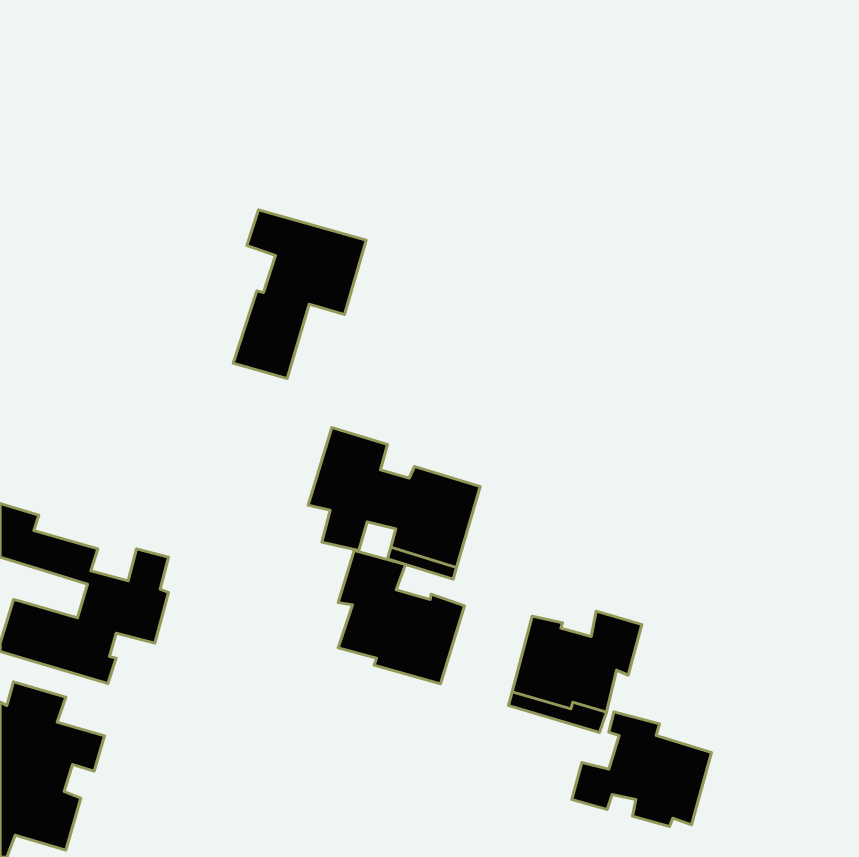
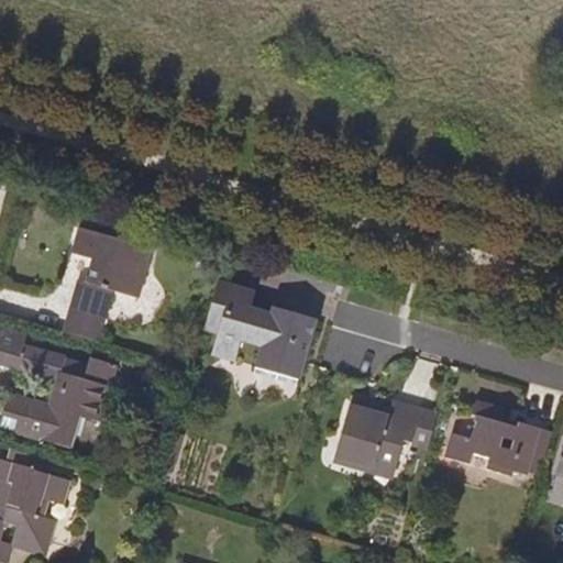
building: [233,210,366,378] -> [63,228,150,338]
building: [338,550,464,684] -> none
building: [572,712,712,826] -> [448,399,539,474]

